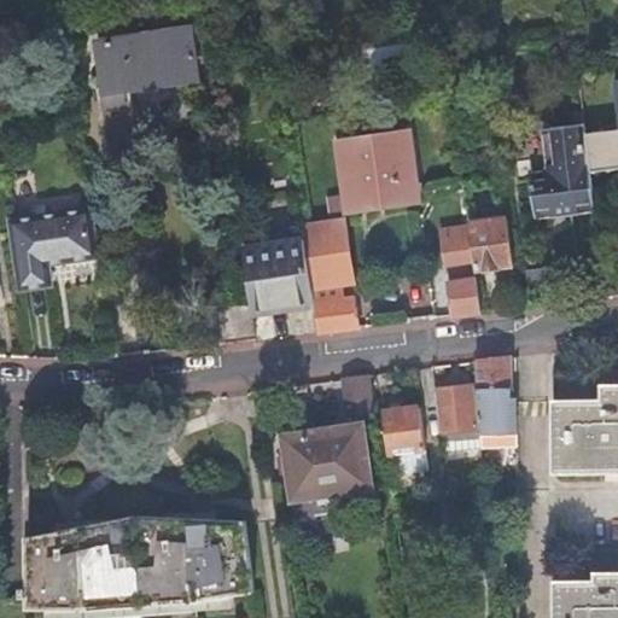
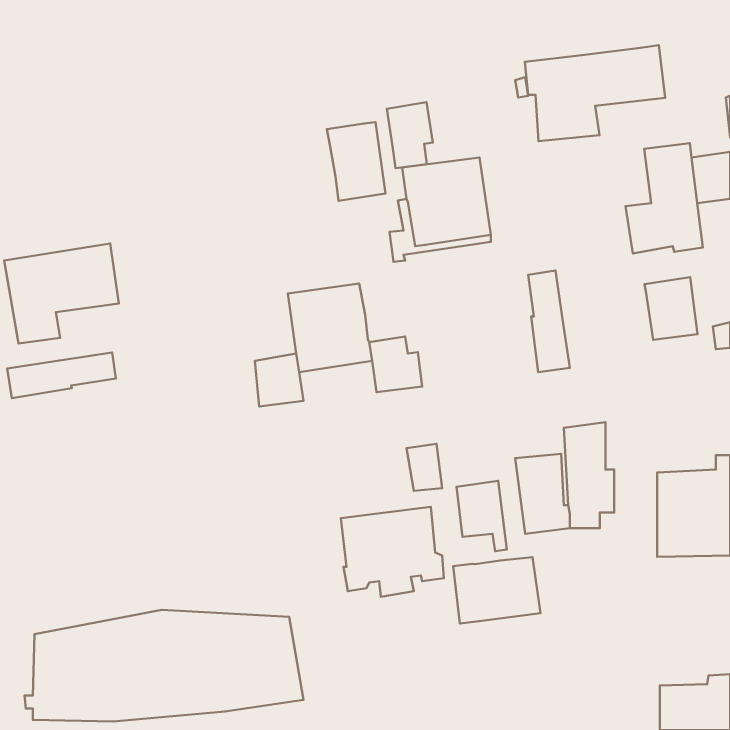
building: [98,24,194,162] -> none
building: none -> [525,45,665,141]
building: none -> [387,102,433,168]
building: [467,216,512,269] -> [645,277,697,340]
building: [301,220,350,286] -> [327,122,386,201]
building: none -> [7,352,116,398]
building: none -> [453,557,541,624]

